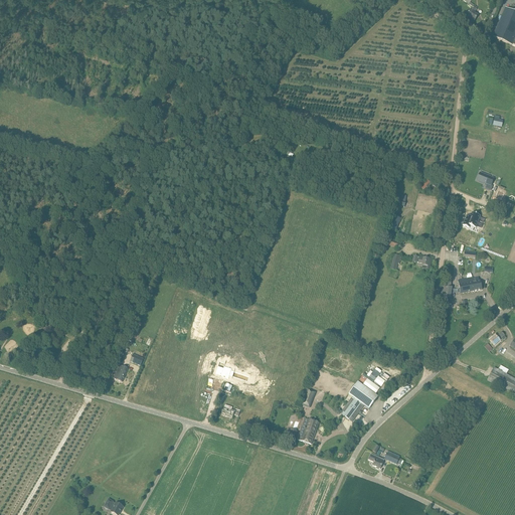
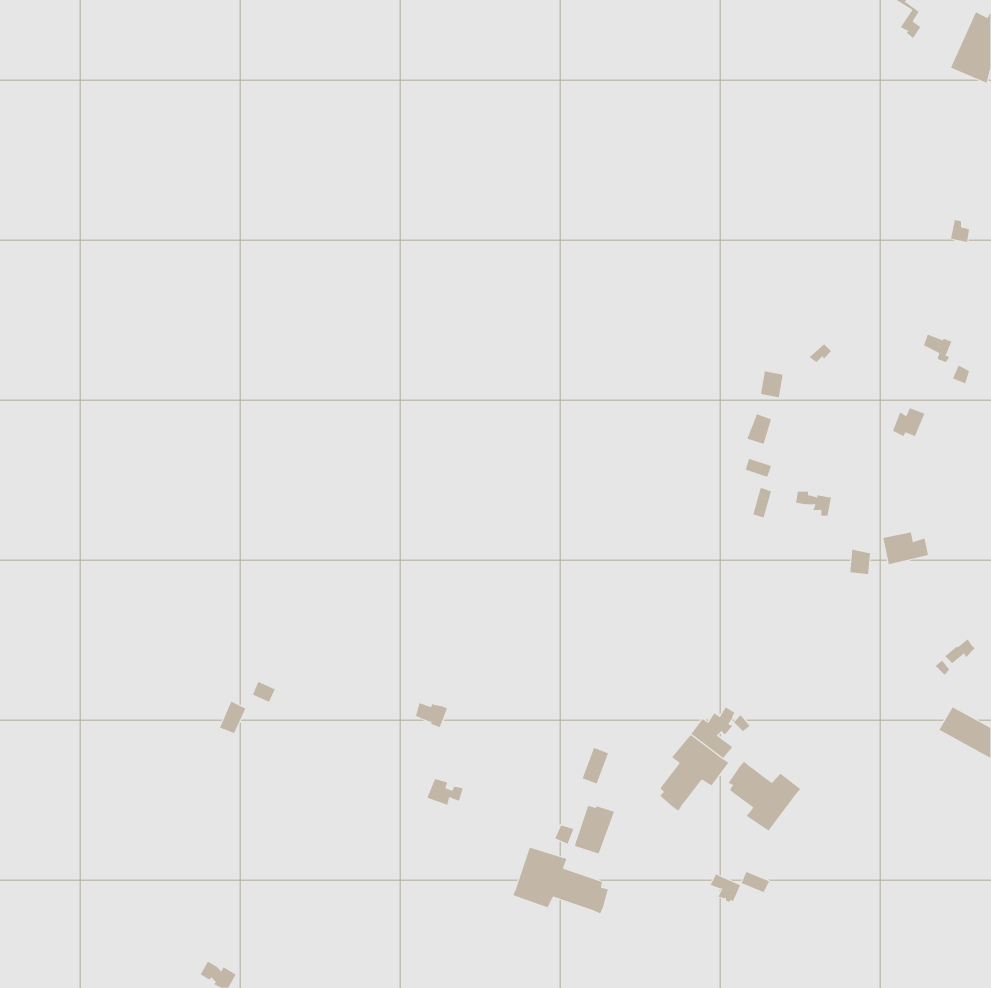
building: none -> [728,761,801,832]
building: none -> [512,847,608,914]

